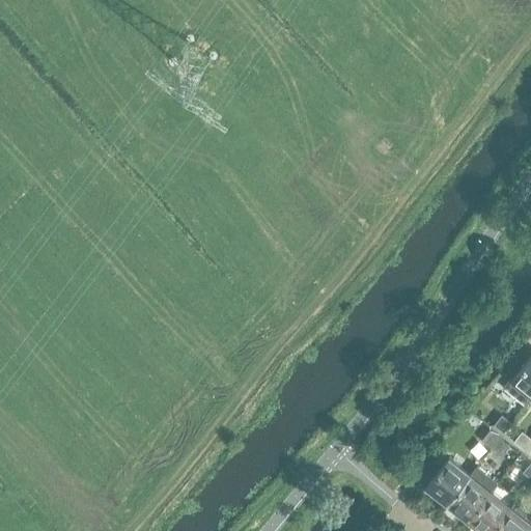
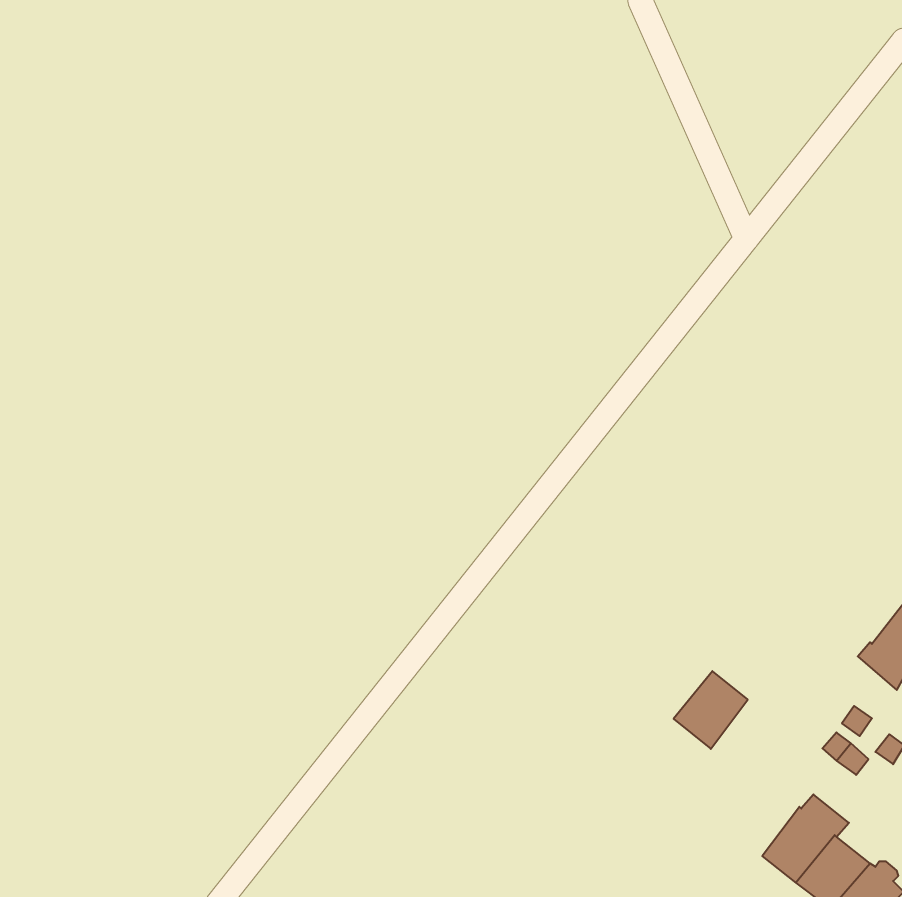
building: [426,460,470,506] -> [674,671,748,749]

